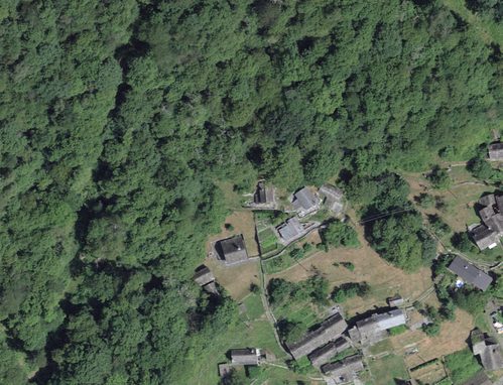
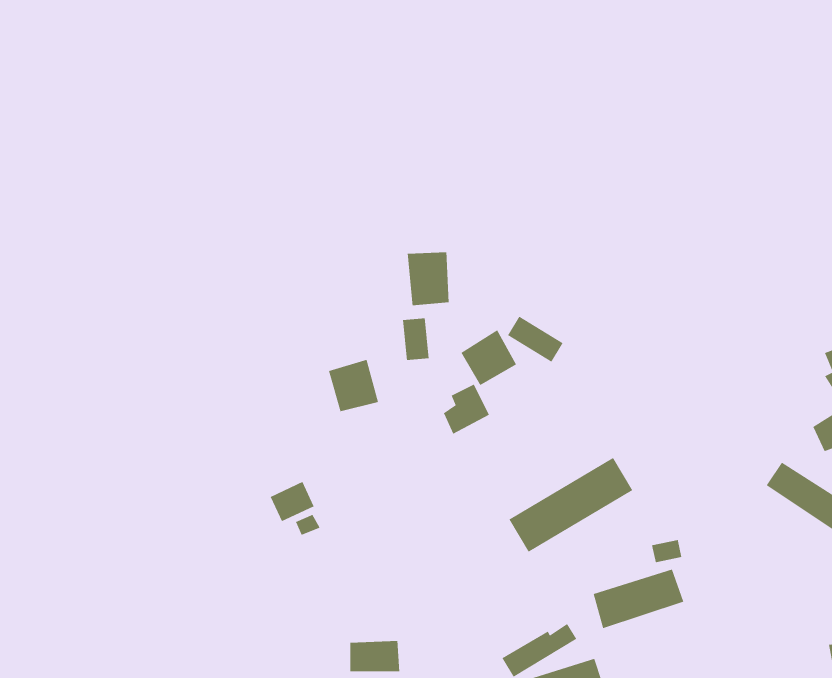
building: none -> [407,251,449,306]
building: [221,236,247,263] -> [328,359,379,412]
building: [285,312,350,362] -> [509,457,633,553]

